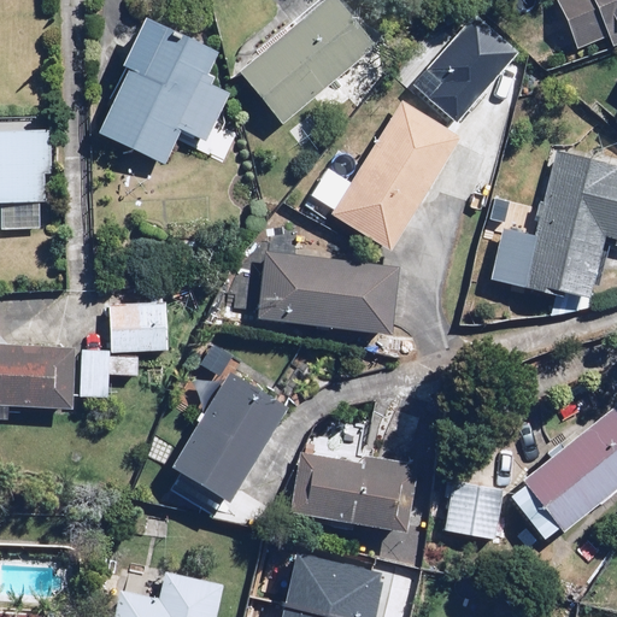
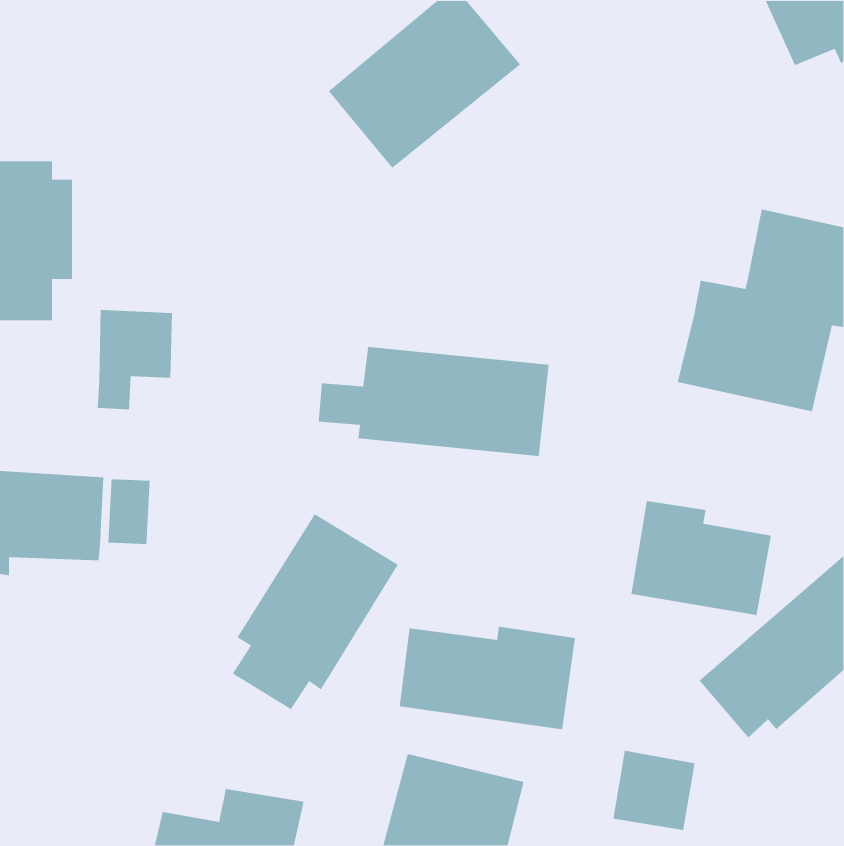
building: [411,5,522,118] -> none
building: [99,16,228,164] -> none
building: [335,104,459,249] -> none
building: [113,301,169,375] -> [97,309,173,410]
building: none -> [631,500,772,616]
building: [442,478,503,537] -> [613,750,695,831]

